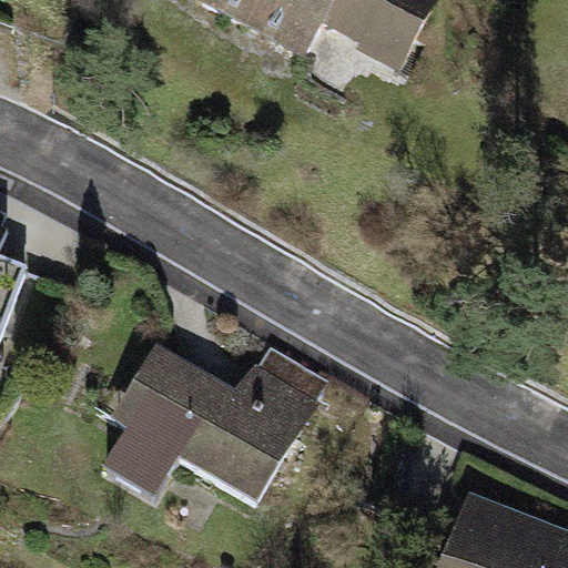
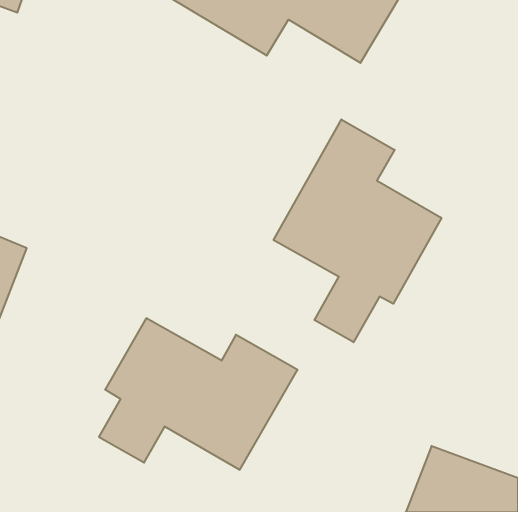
building: none -> [274,119,441,342]

